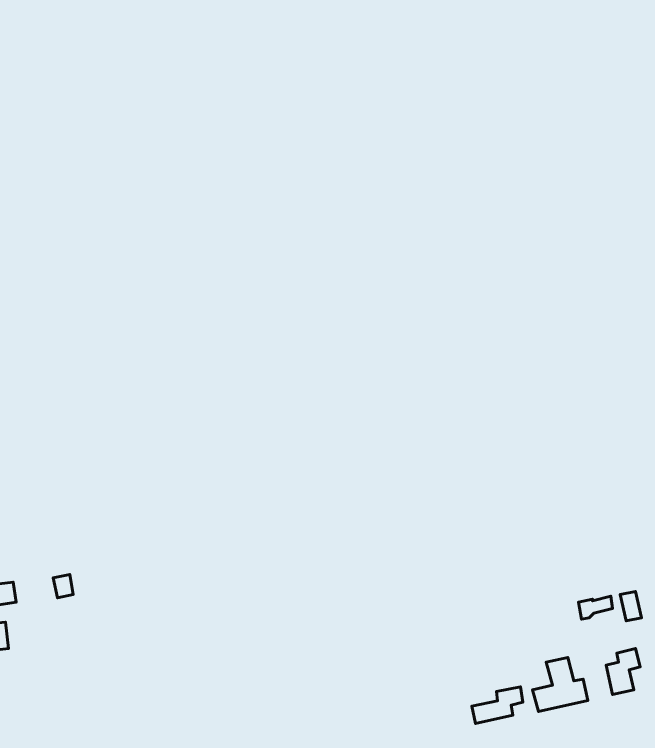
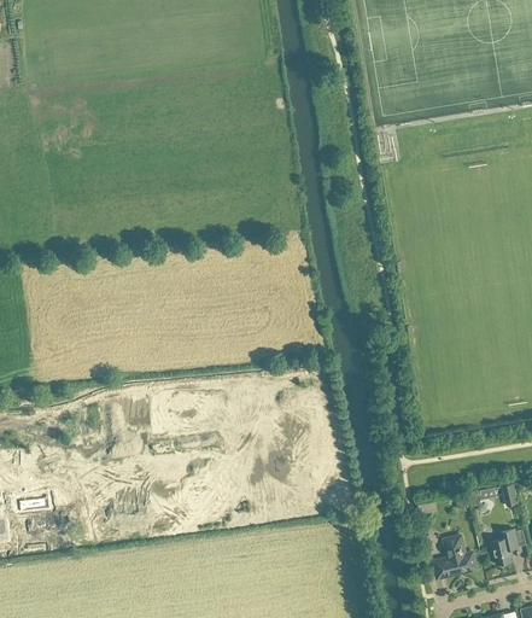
building: [472,687,523,724] -> none

